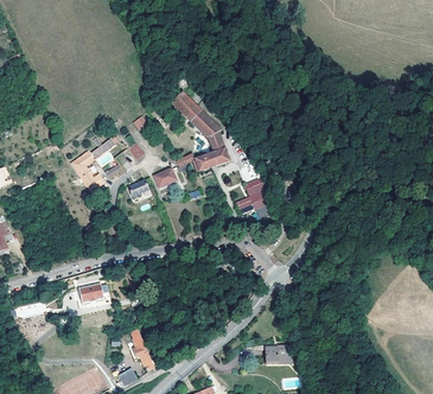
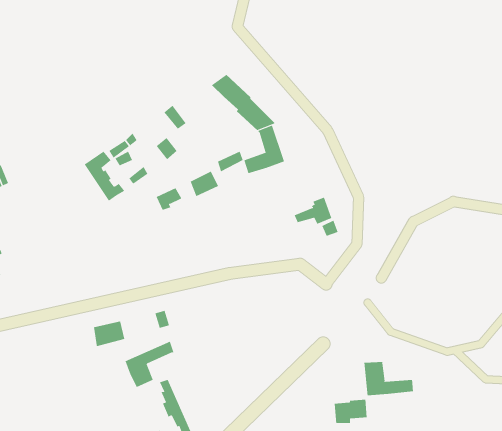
building: none -> [125,341,174,388]
building: none -> [364,361,414,396]

